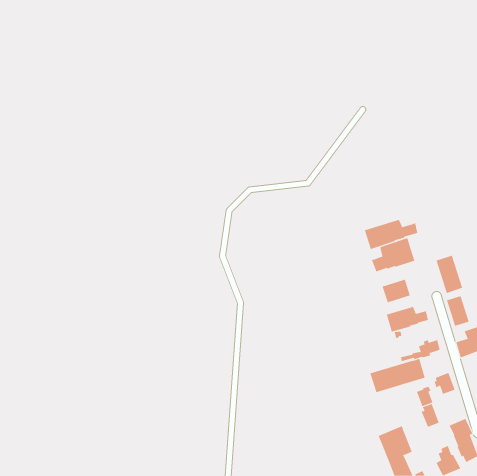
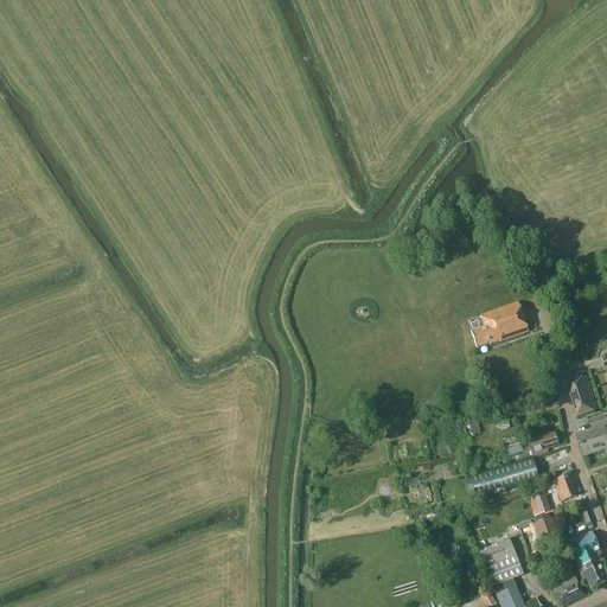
building: [364,219,418,250] -> none
building: [436,255,463,294] -> none
building: [382,279,411,303] -> none
building: [386,306,428,333] -> none

